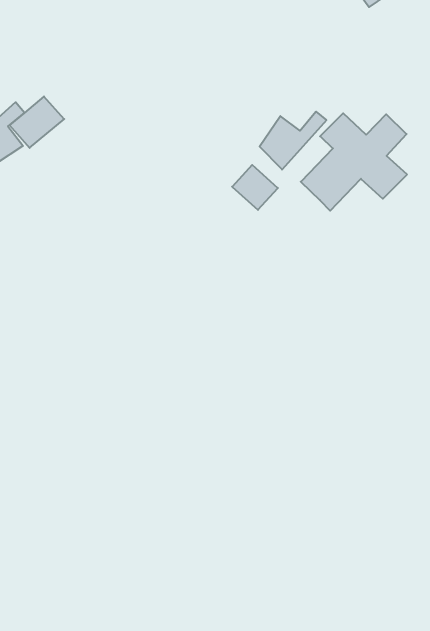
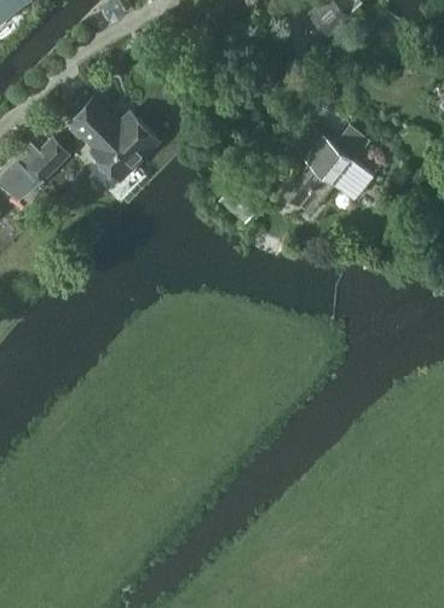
building: none -> [73,100,157,178]
building: [260,112,326,170] -> none

